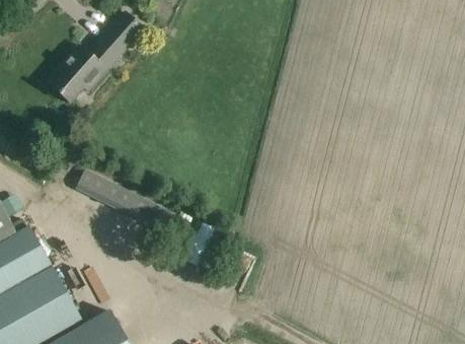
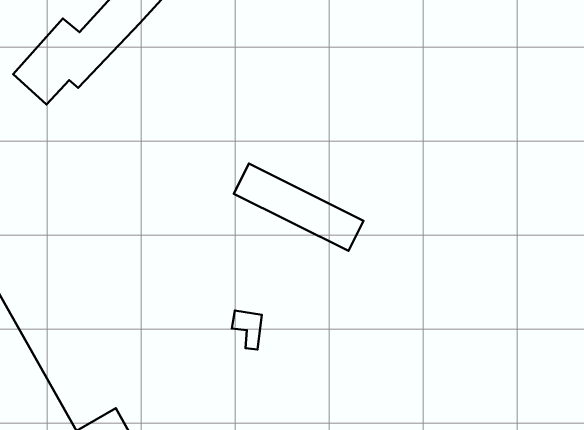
building: [75,170,162,229] -> [234,164,363,251]

